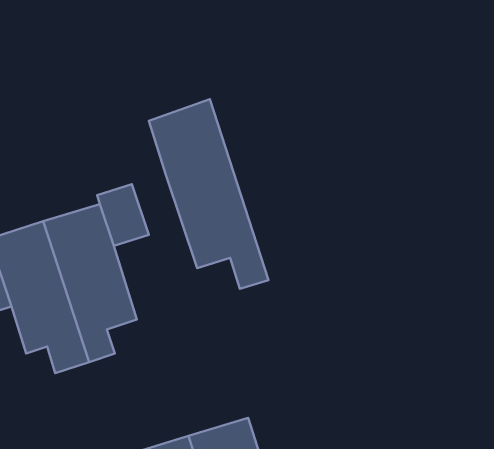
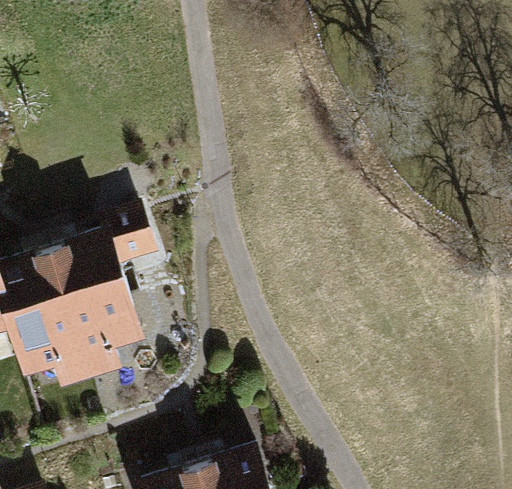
building: [149,99,269,289] -> none

